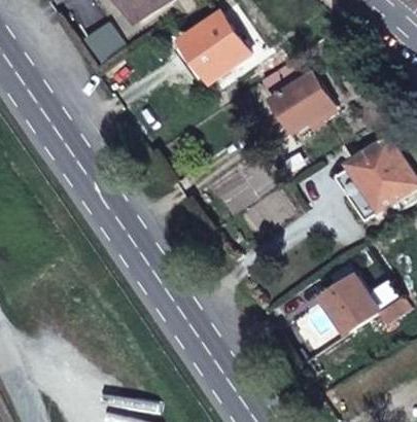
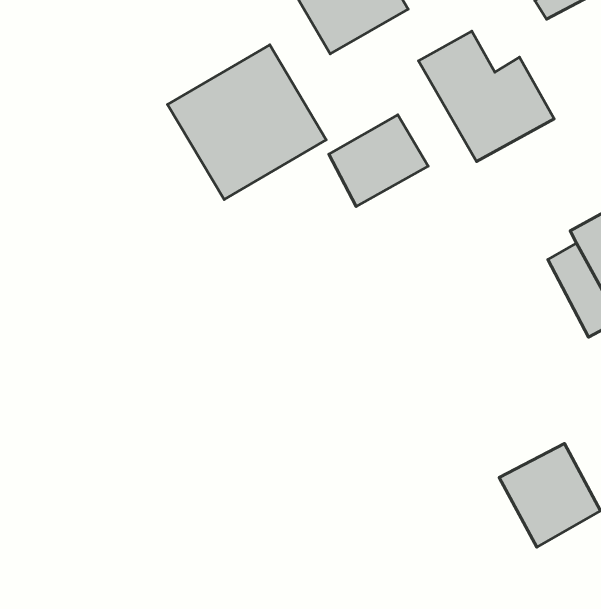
building: none -> [167,45,326,199]
building: none -> [329,115,428,206]

